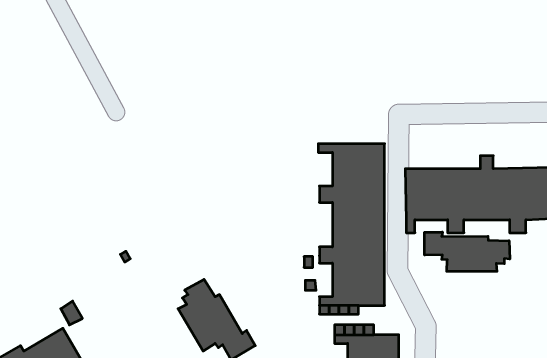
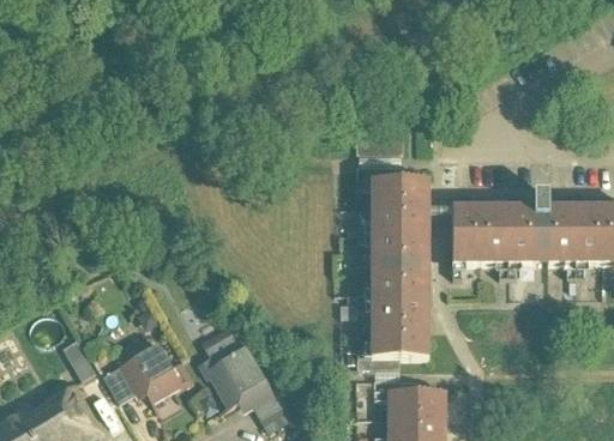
building: [425,232,510,271] -> none
building: none -> [103,342,192,401]

